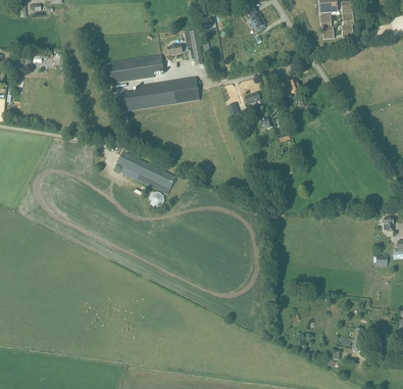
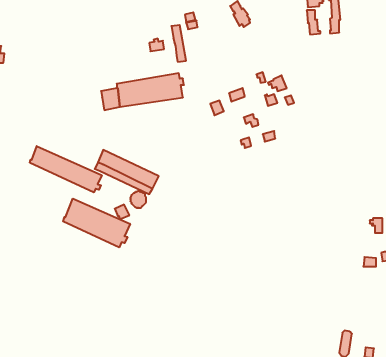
building: [107,54,163,83] -> none
building: none -> [30,146,102,192]
building: none -> [63,199,130,247]

